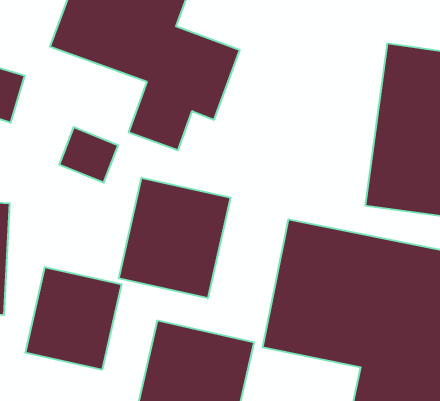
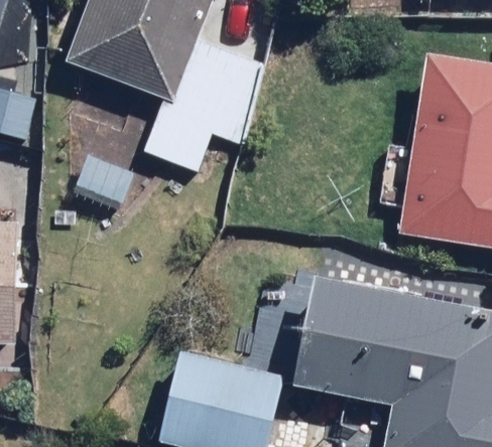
building: [119,178,230,298] -> none
building: [25,267,121,370] -> none

